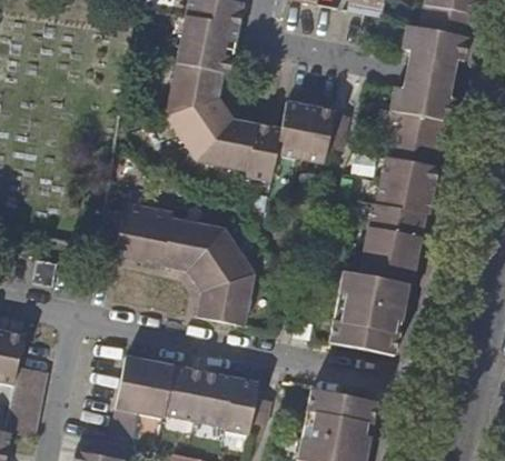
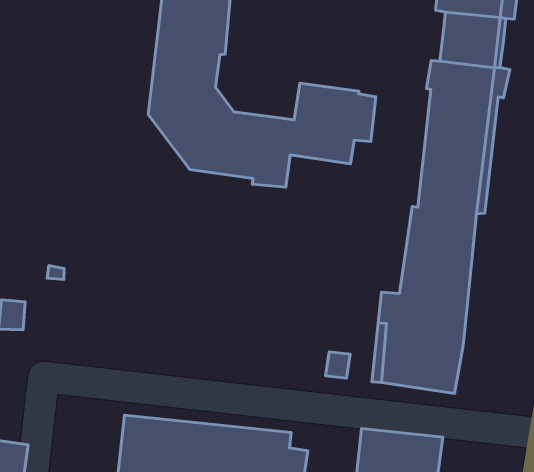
building: [99,206,255,327] -> none

